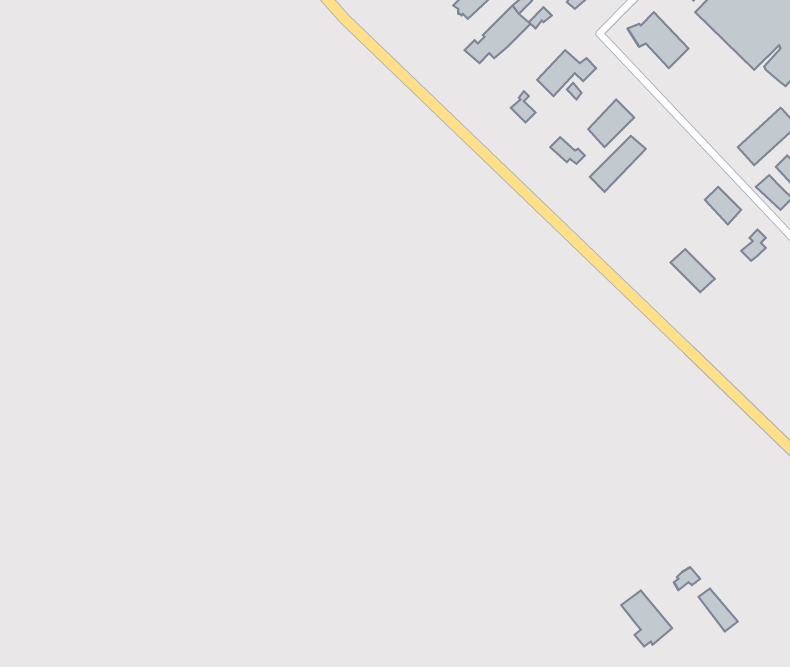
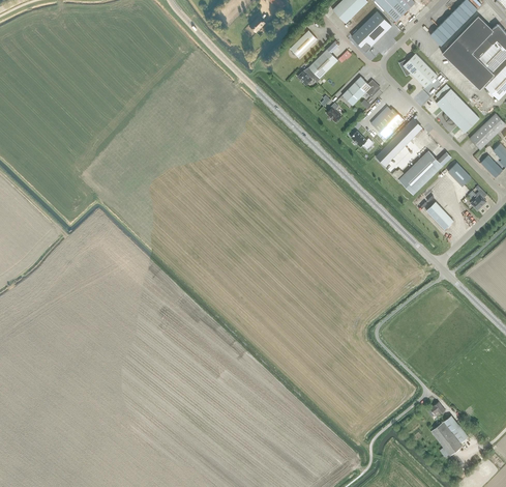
building: none -> [434,84,479,133]
building: none -> [392,150,443,195]
building: [621,590,672,646] -> [430,422,463,457]

